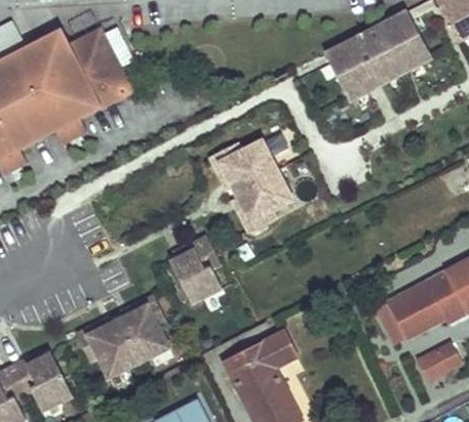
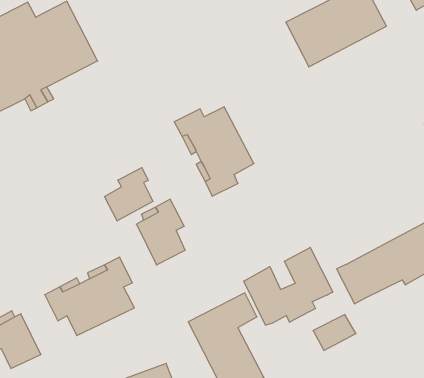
building: none -> [105,168,153,221]
building: none -> [244,247,333,325]
building: [419,343,463,380] -> [313,315,356,350]

